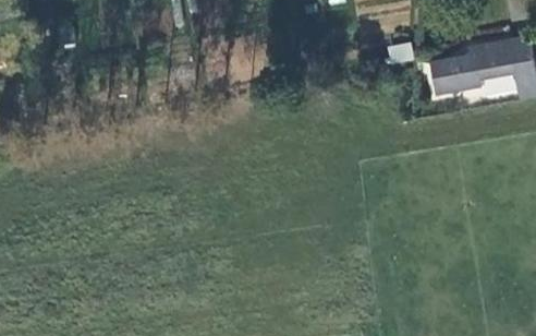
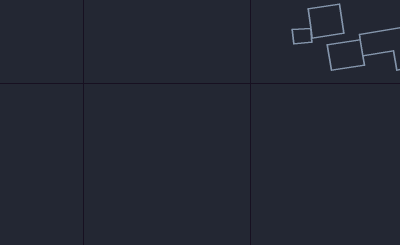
building: none -> [308,4,344,38]

